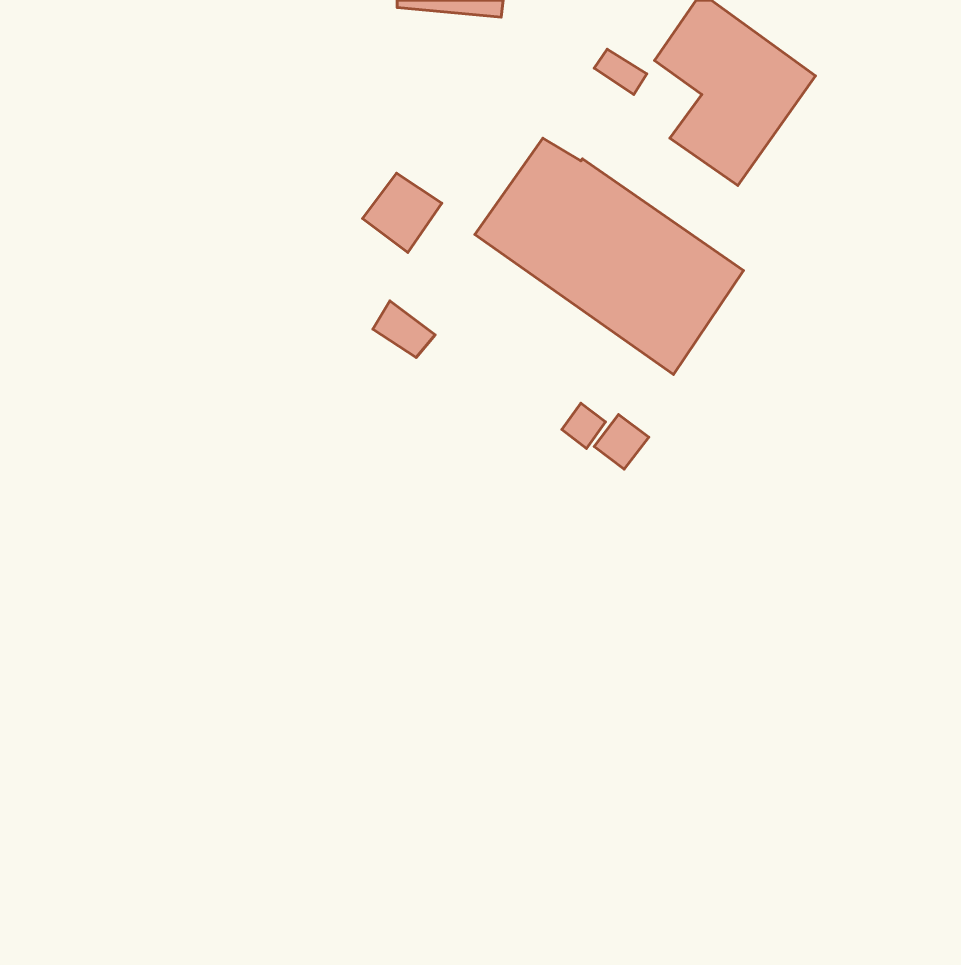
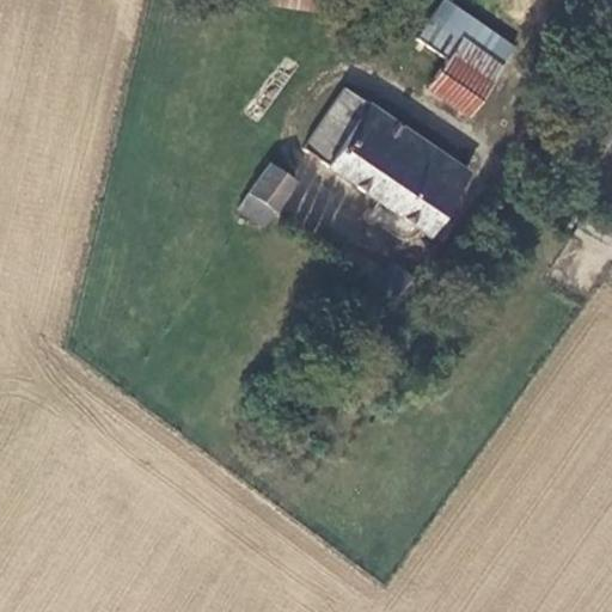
building: [362,173,442,252] -> [250,163,300,213]

